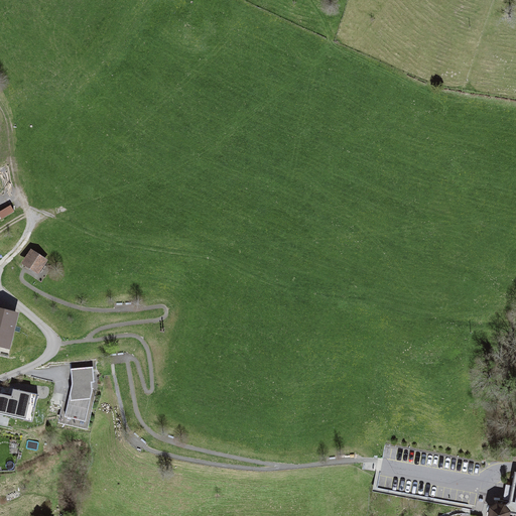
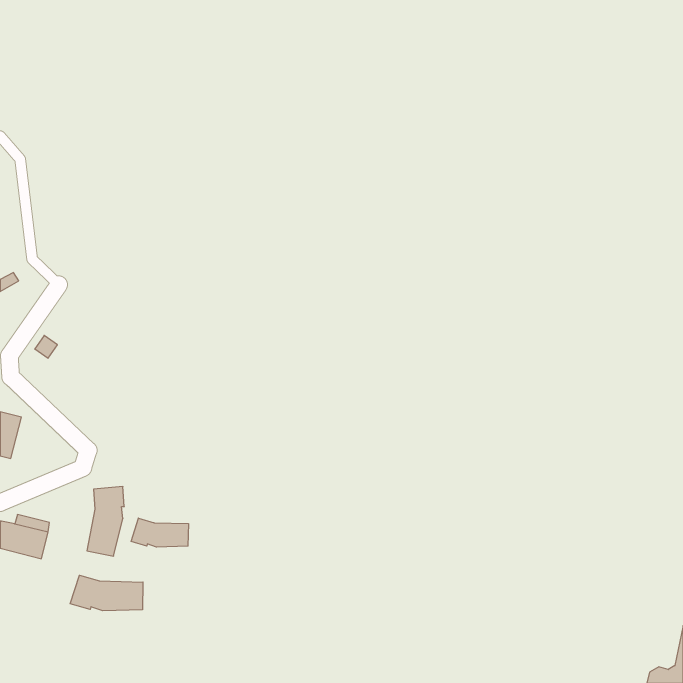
building: none -> [131,518,188,547]
building: none -> [70,575,143,611]

